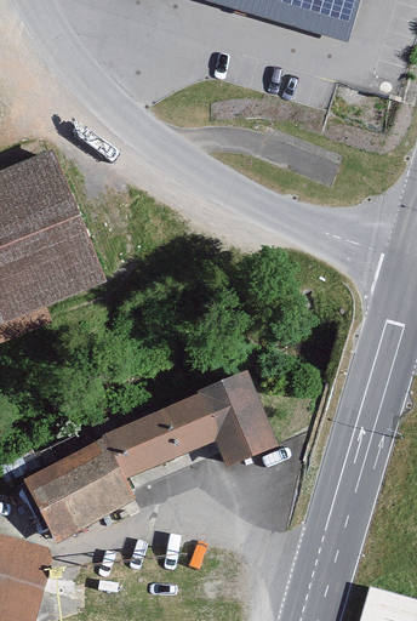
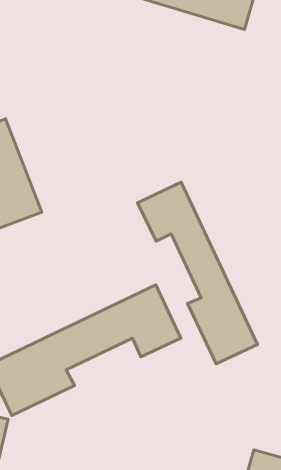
building: none -> [138,182,258,364]

